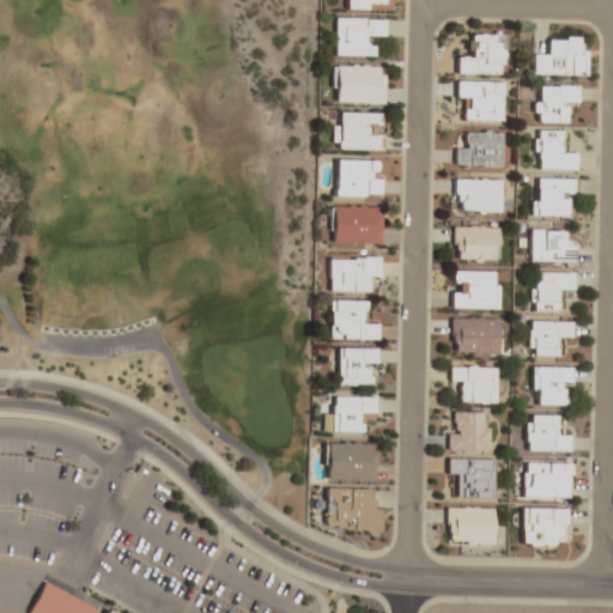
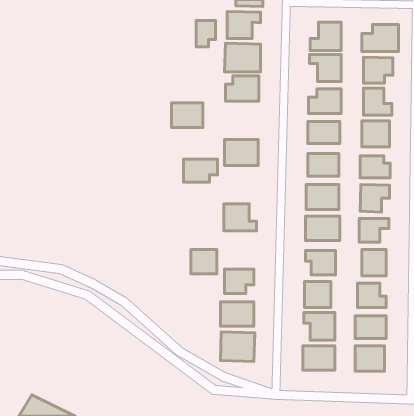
building: none -> [196,20,216,47]
building: [338,159,383,195] -> [172,103,203,127]
building: [332,256,382,290] -> [183,159,218,182]
building: [340,348,378,384] -> [191,249,217,274]

